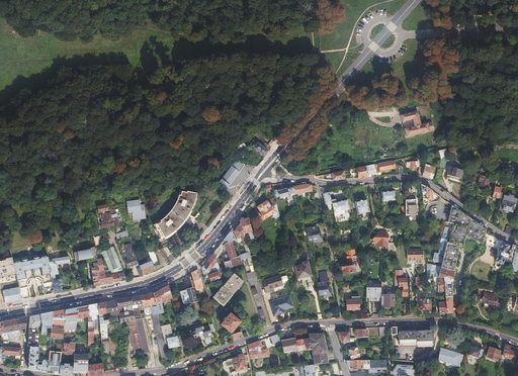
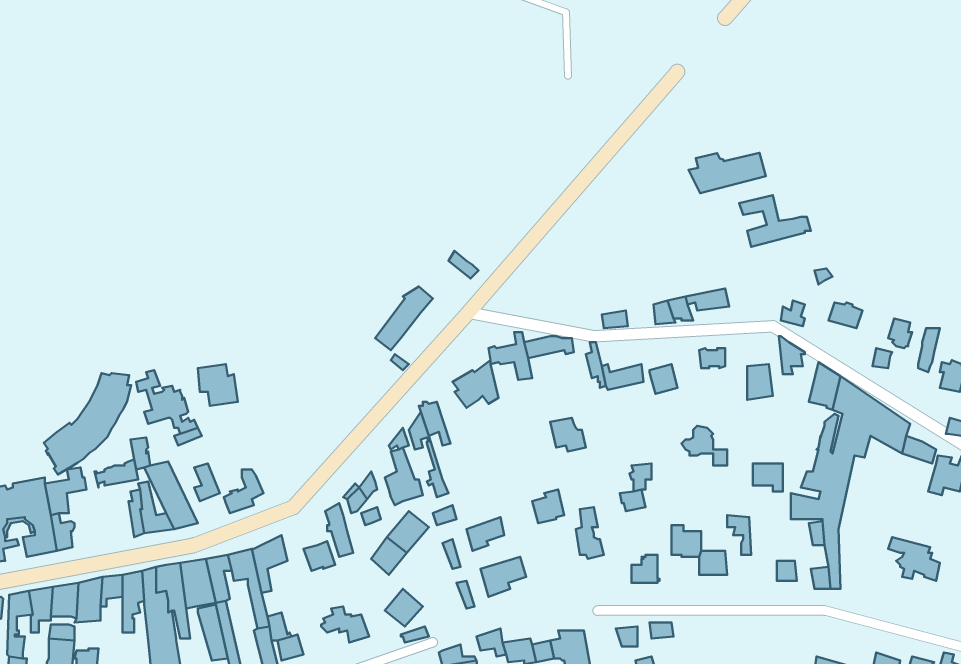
building: none -> [688,153,766,193]
building: [154,190,198,242] -> [44,373,131,475]
building: [398,330,433,345] -> none

